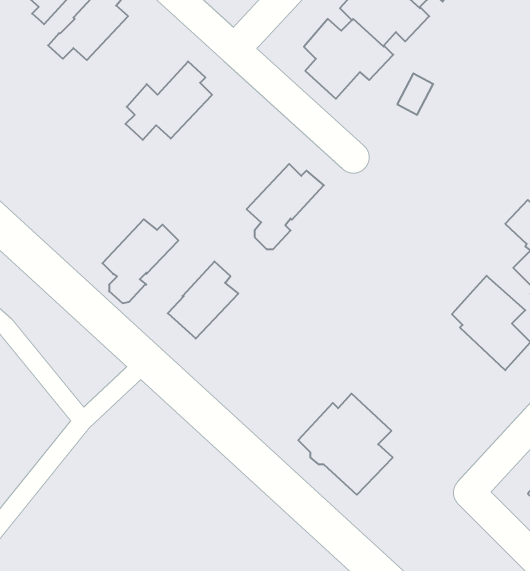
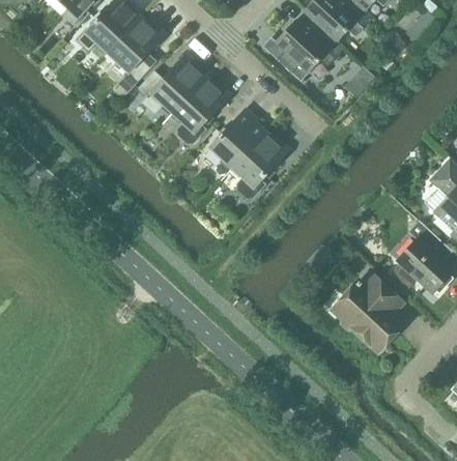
building: none -> [107,18,166,84]
building: [102,219,178,303] -> [172,79,231,144]
building: [168,261,238,339] -> [209,108,264,168]
building: [298,394,393,495] -> [332,273,405,352]

